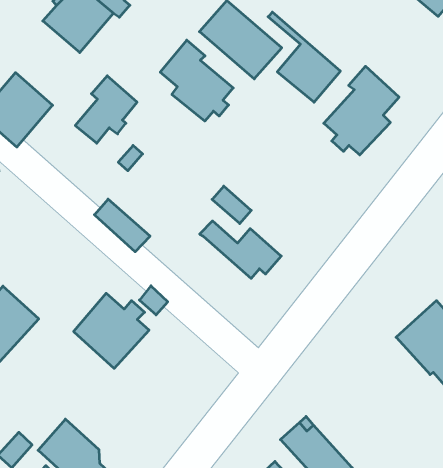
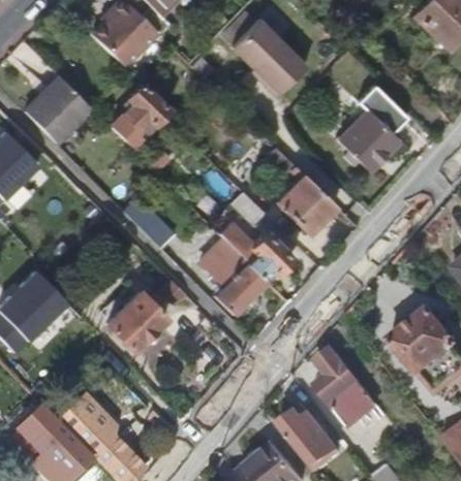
building: [268,12,340,102] -> [272,148,335,232]
building: [160,40,233,121] -> none
building: none -> [202,235,266,310]
building: none -> [317,349,377,426]

